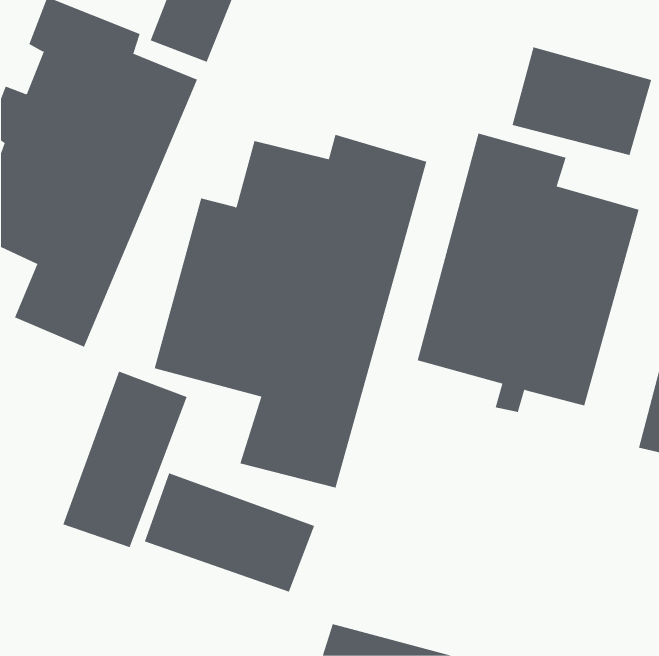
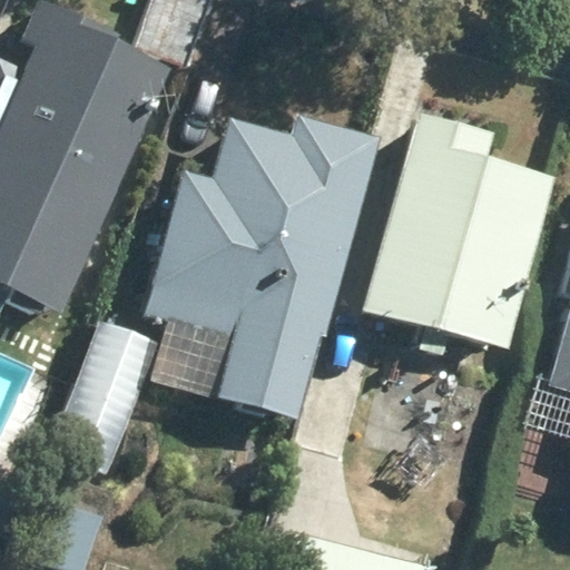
building: [512,46,652,156] -> none
building: [144,472,315,592] -> none

